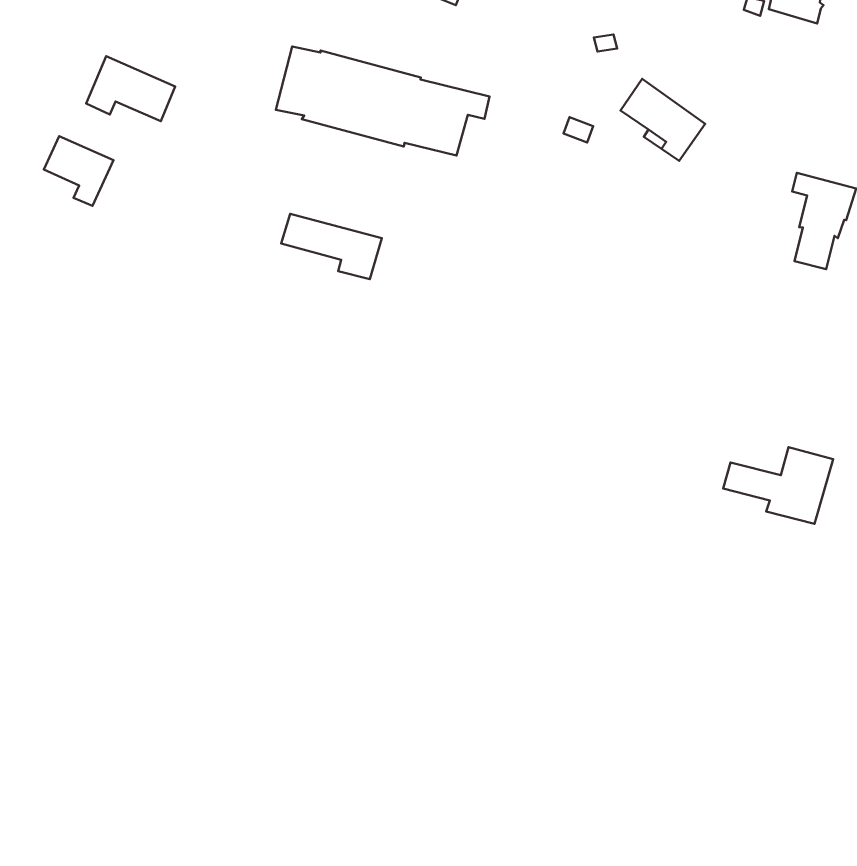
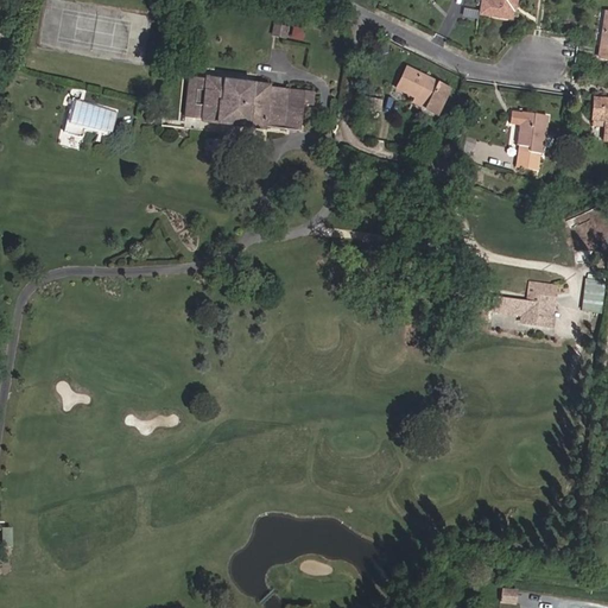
building: [44,136,113,206] -> none
building: [281,214,382,279] -> none

